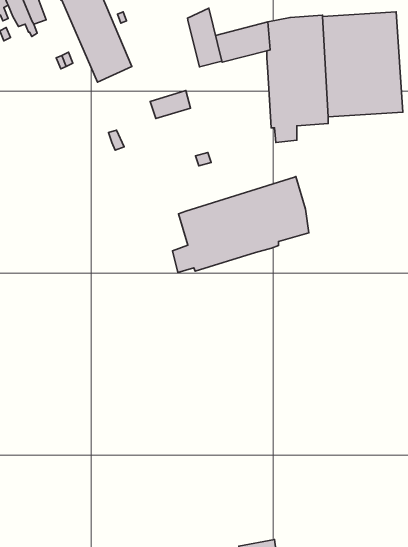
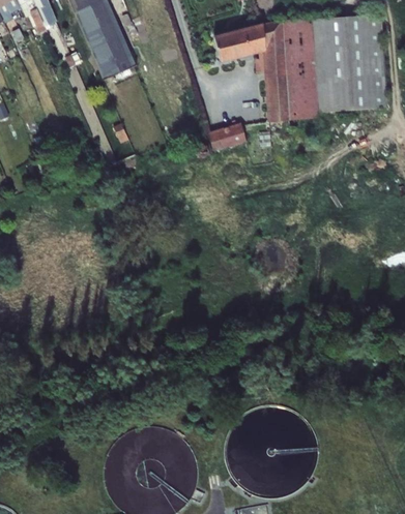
building: [188,8,222,67] -> none
building: [150,90,190,118] -> [208,123,245,149]
building: [172,177,309,273] -> none

